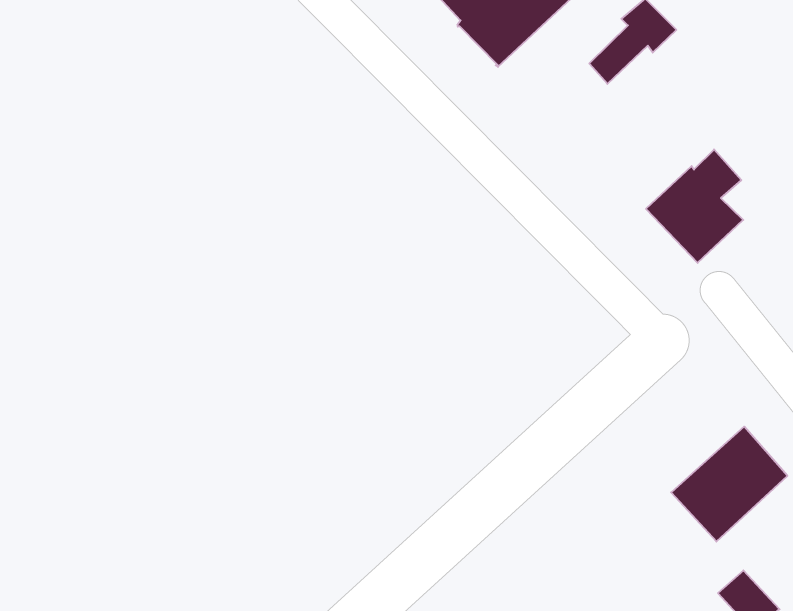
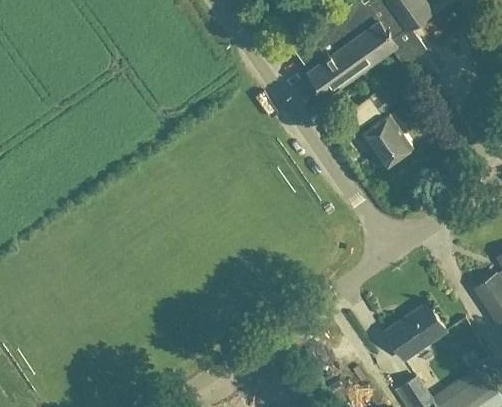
building: [646,149,743,263] -> [362,109,414,167]

